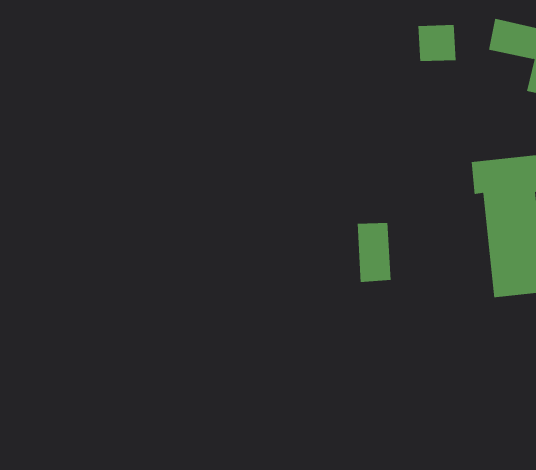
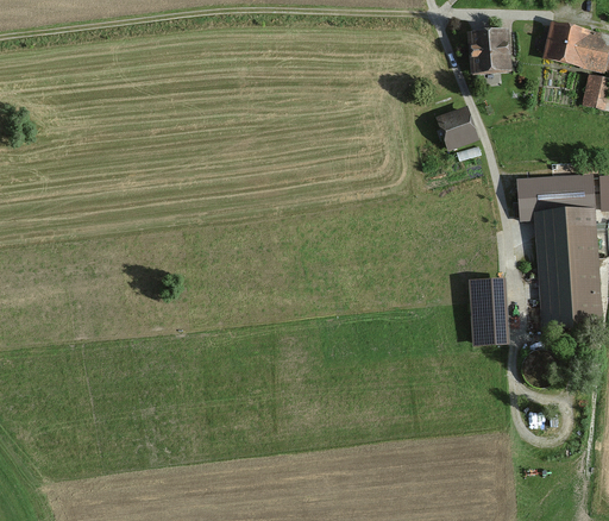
building: none -> [434,103,476,147]
building: [357,223,392,282] -> [467,278,506,344]

